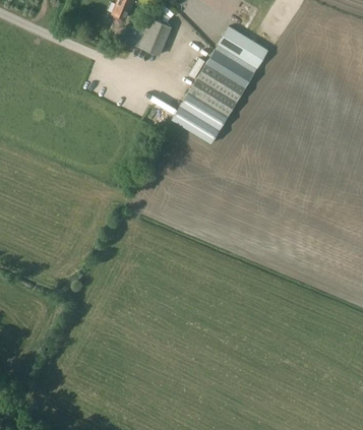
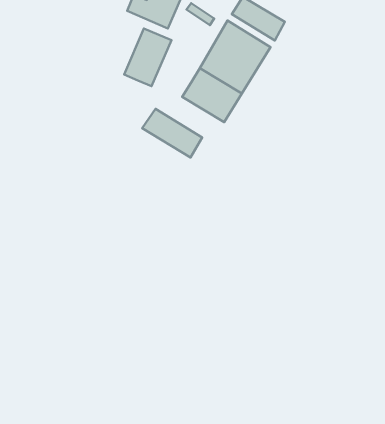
building: none -> [124,29,171,86]
building: none -> [142,109,202,157]

